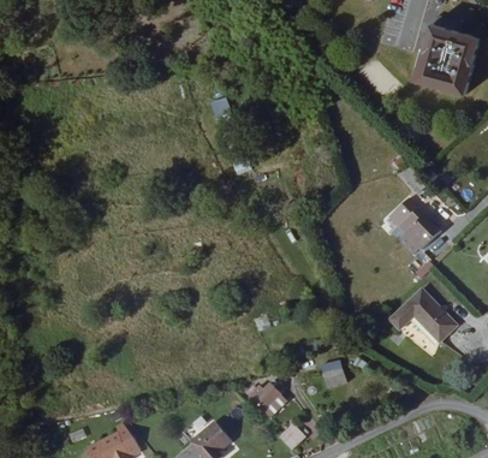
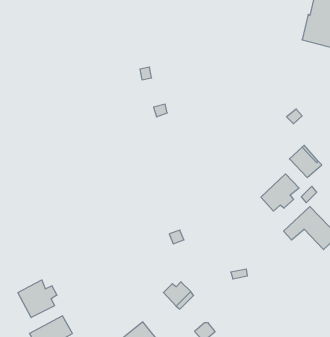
building: none -> [261,174,299,211]
building: none -> [18,280,57,318]

